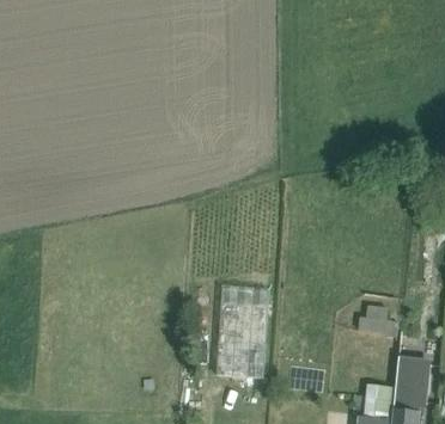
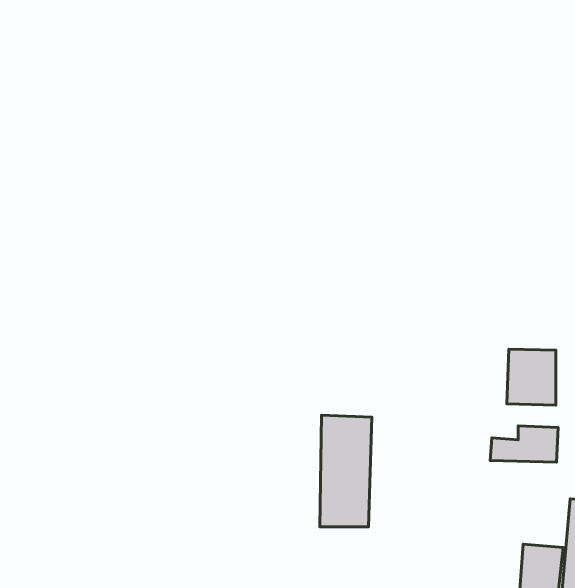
building: none -> [507,349,556,405]

